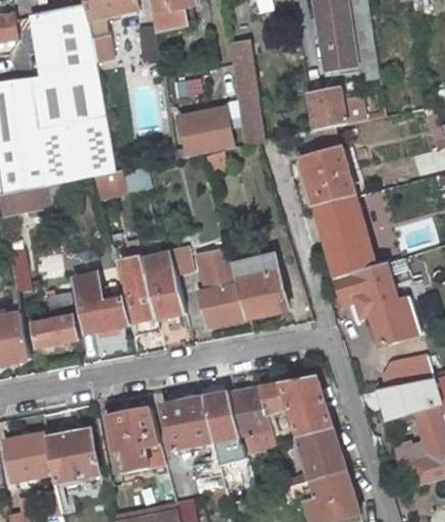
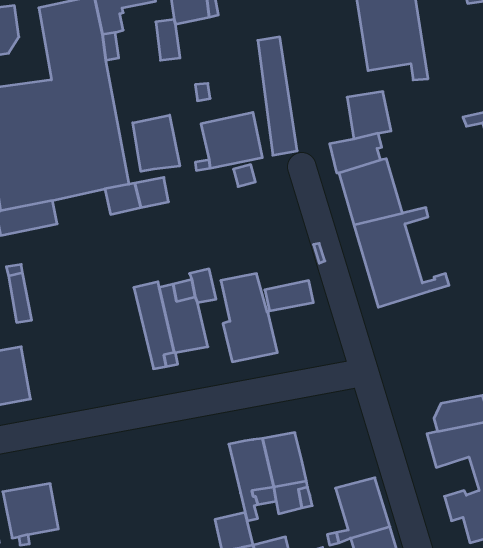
building: none -> [133,115,180,171]
building: [335,263,419,344] -> none
building: [73,272,129,331] -> none
building: [237,273,288,317] -> none
building: [33,315,78,346] -> none
building: [261,378,332,436] -> none
building: [162,398,213,448] -> none
building: [106,407,164,472] -> none
building: [46,428,99,481] -> none

